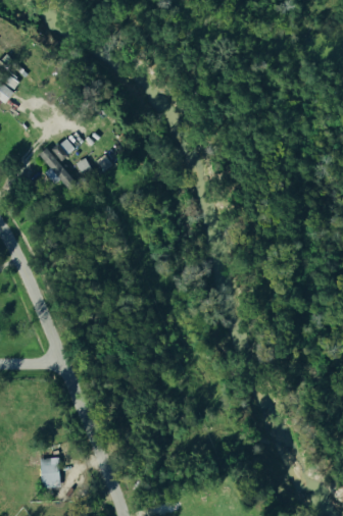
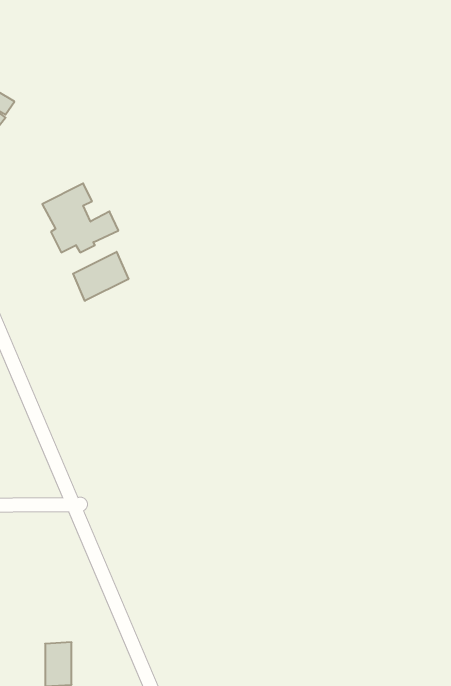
building: none -> [73,252,128,301]

